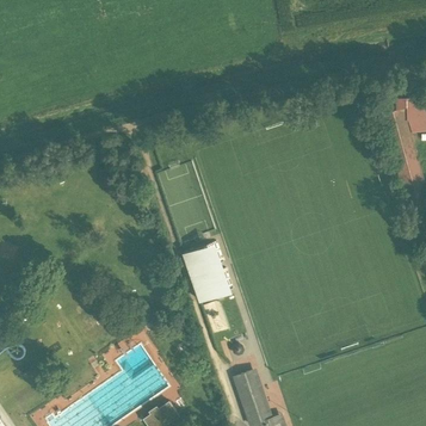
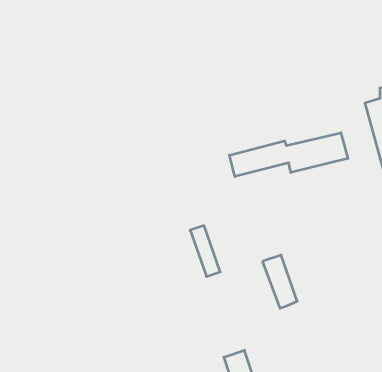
building: none -> [229,133,348,177]
building: [180,246,216,301] -> [263,255,297,308]

